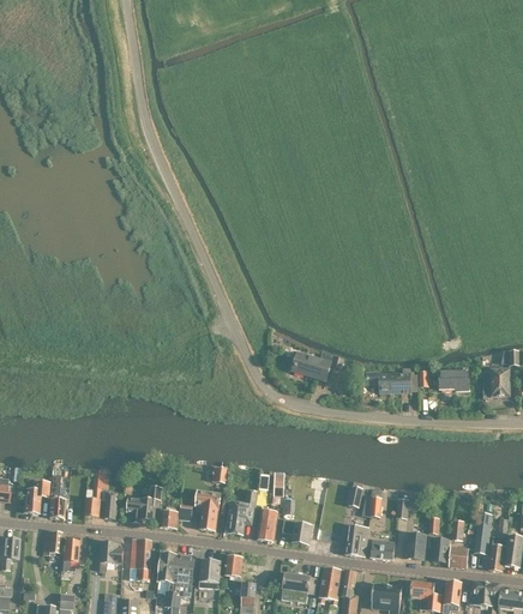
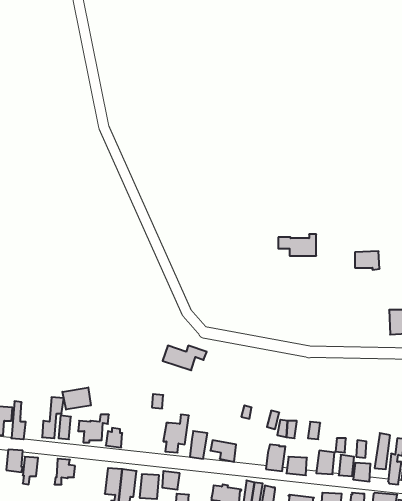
building: [291,353,343,381] -> [163,346,207,370]
building: [366,368,410,393] -> [278,234,316,256]
building: [439,371,468,392] -> [355,251,380,270]
building: none -> [62,387,91,410]
building: [196,490,221,531] -> none
building: [130,540,151,582] -> none

